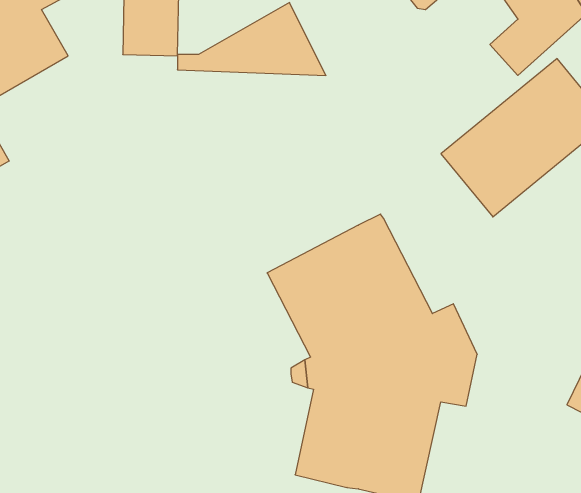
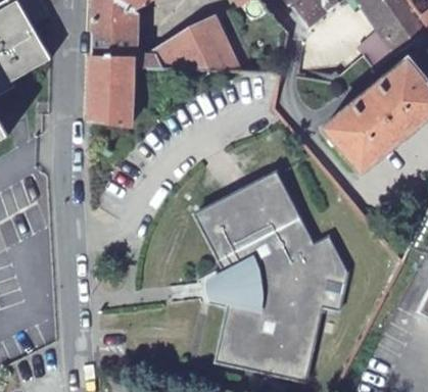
building: none -> [89,56,131,120]

